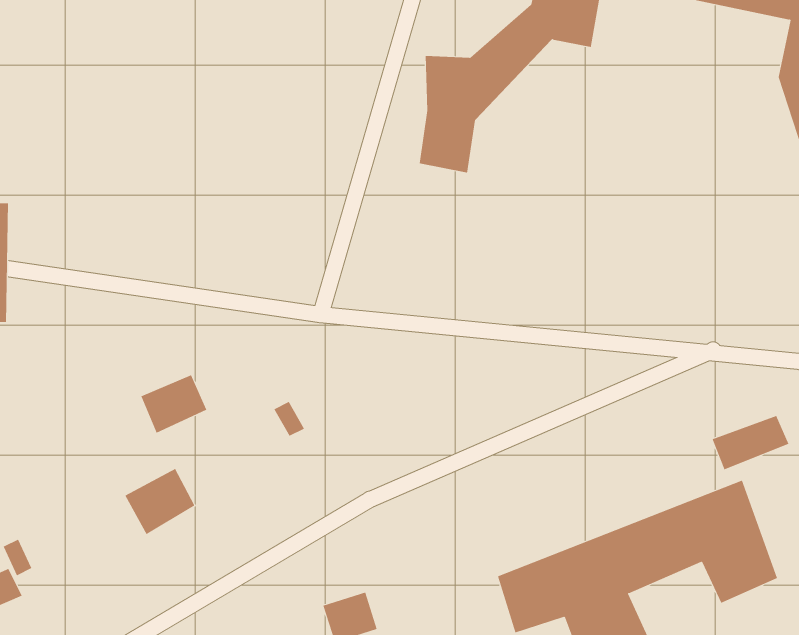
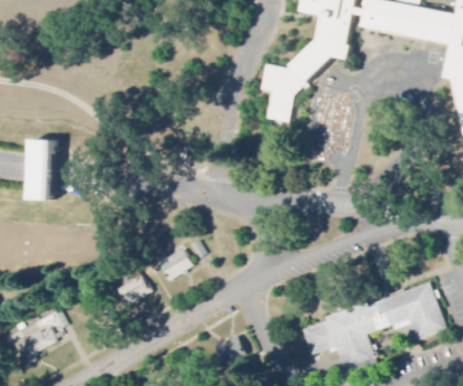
building: [141,374,207,433] -> [156,250,190,280]
building: [712,415,789,470] -> none

